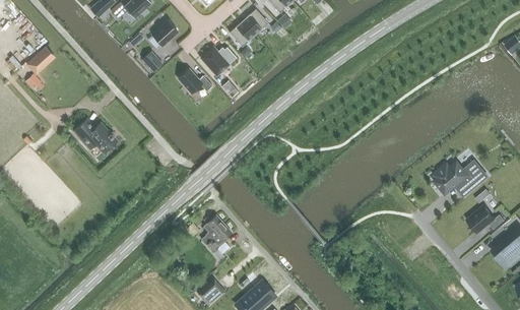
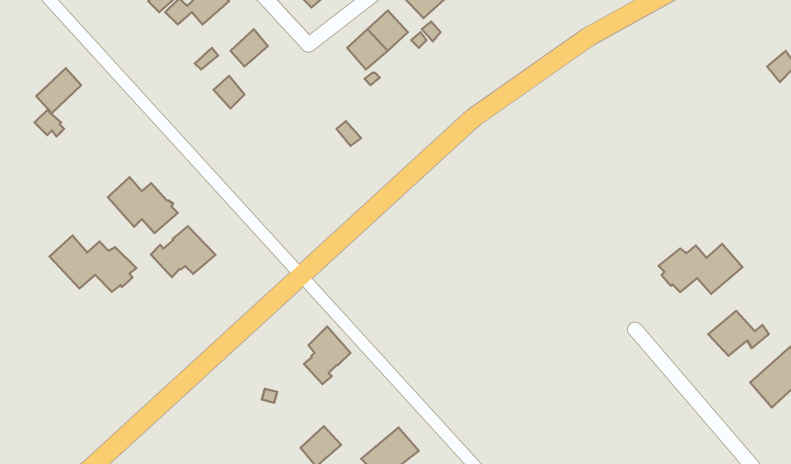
building: [200,47,236,75] -> none
building: [178,69,212,92] -> none
building: none -> [151,226,216,277]
building: none -> [49,236,136,292]

